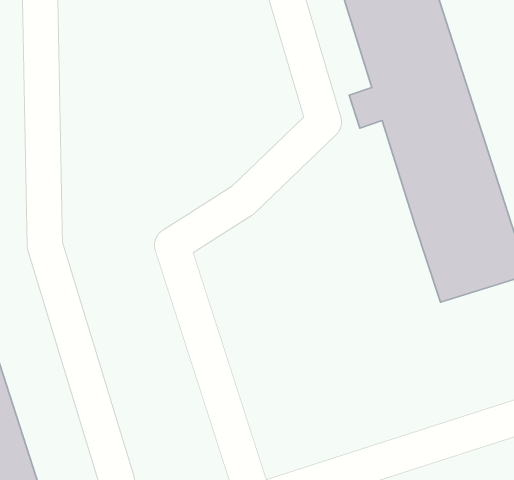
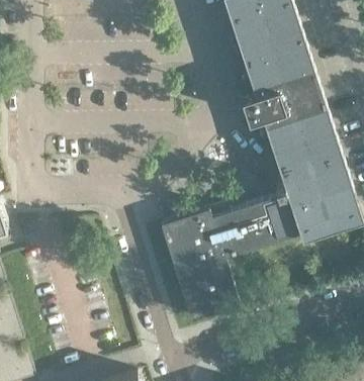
building: none -> [161,188,299,321]

